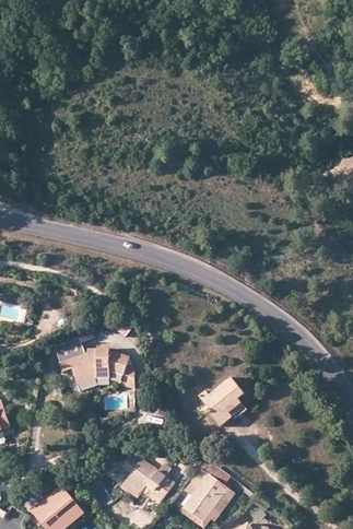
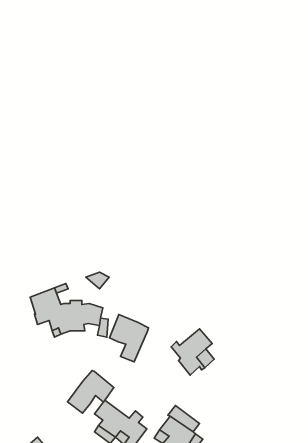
building: none -> [109,314,149,362]
building: none -> [67,370,114,413]

